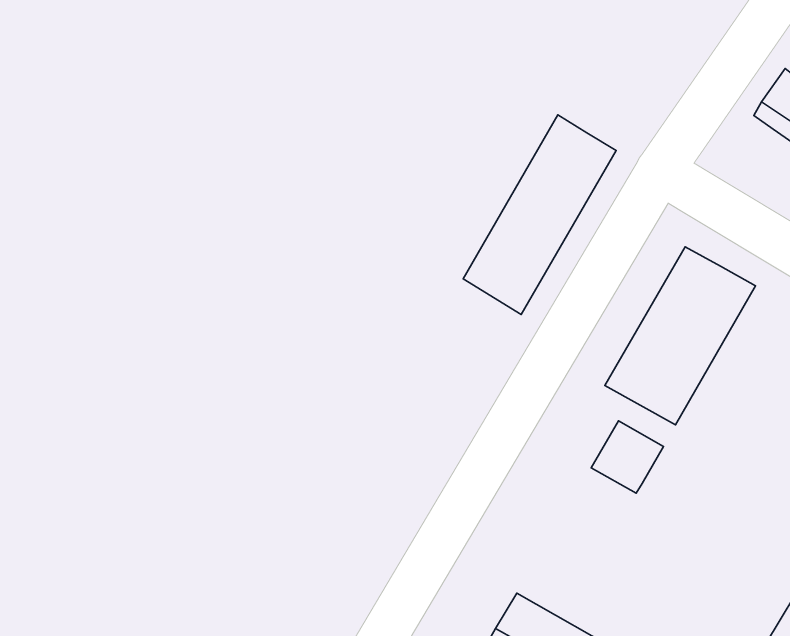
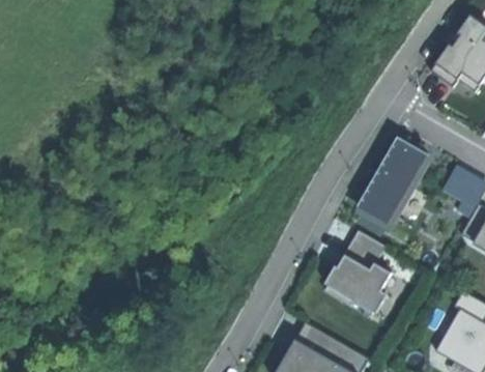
building: [463,115,616,314] -> none
building: none -> [324,256,388,311]

